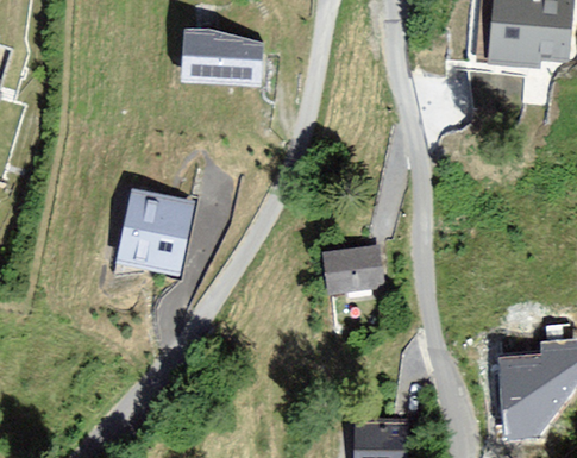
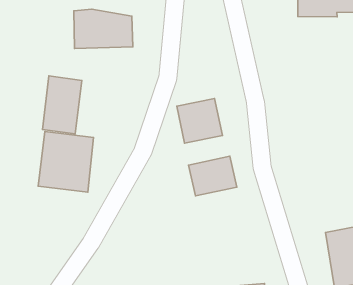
building: none -> [42,76,82,134]
building: none -> [177,98,222,143]

